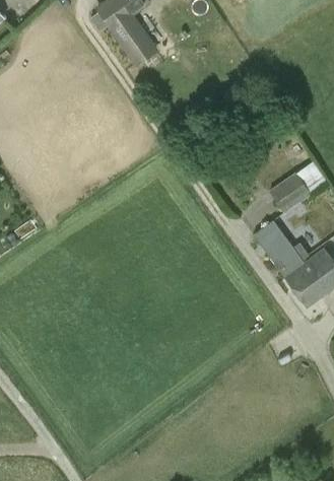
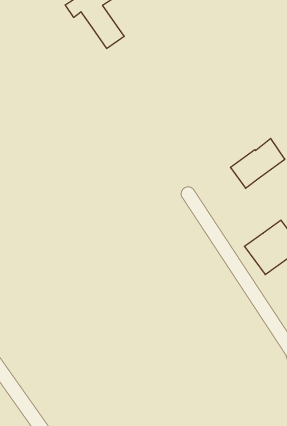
building: [253,219,309,276] -> none

